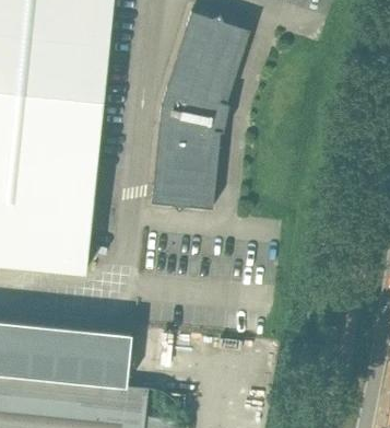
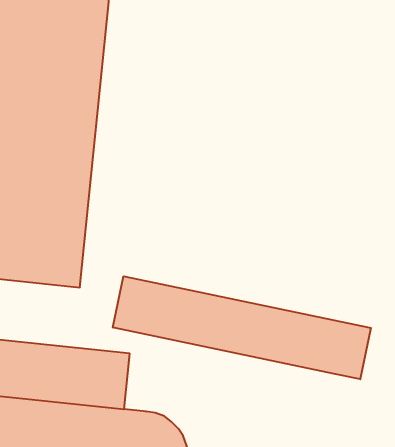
building: [151,11,250,211] -> none
building: none -> [113,276,371,379]

